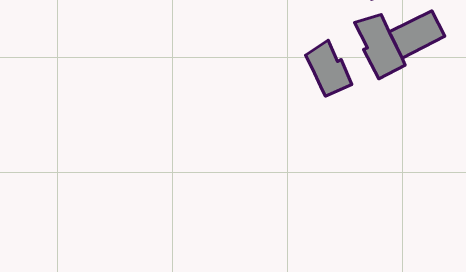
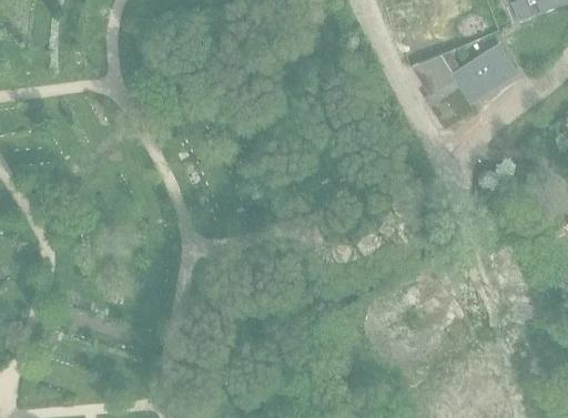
building: [305,40,352,96] -> none

